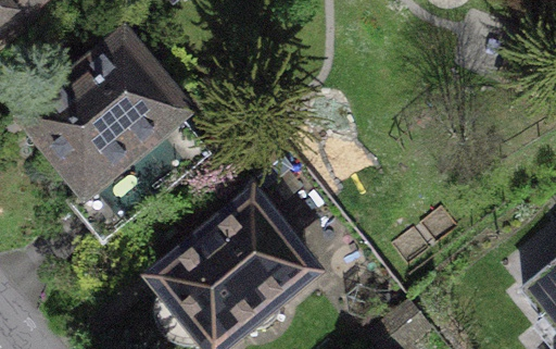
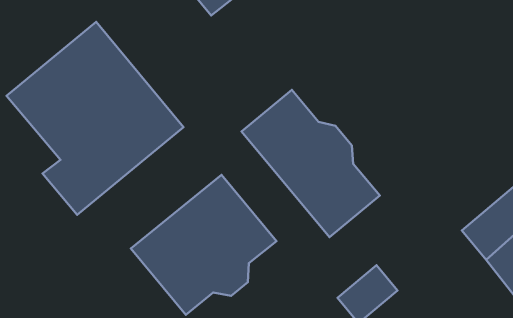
building: none -> [242,90,380,237]

